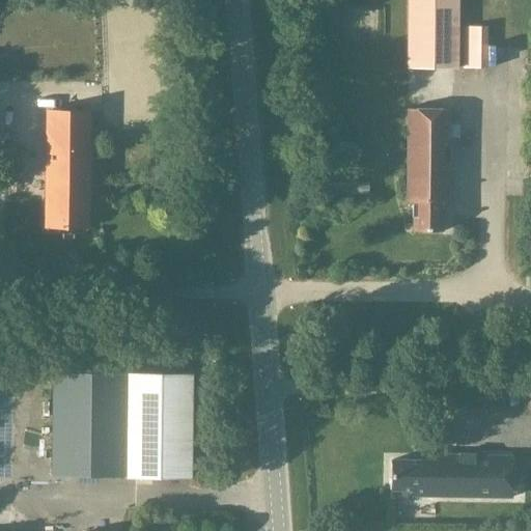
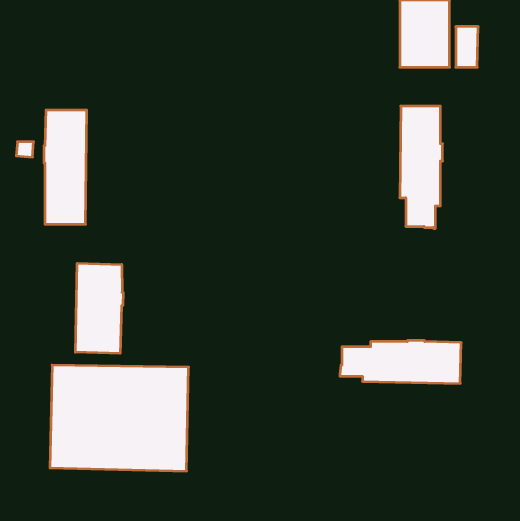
building: none -> [75,263,123,353]
building: [390,454,513,498] -> [340,341,461,383]

